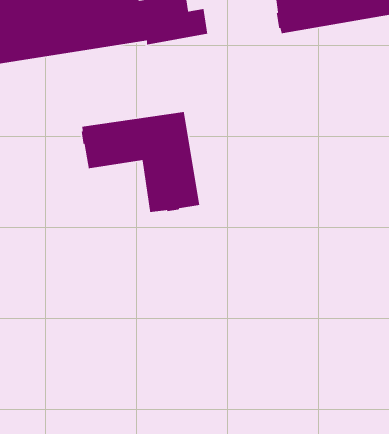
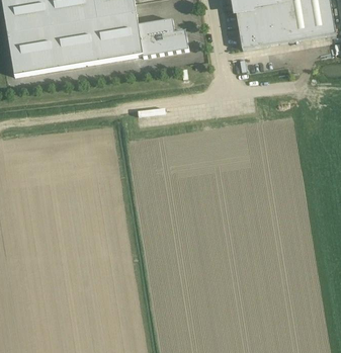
building: [81,111,200,213] -> none

